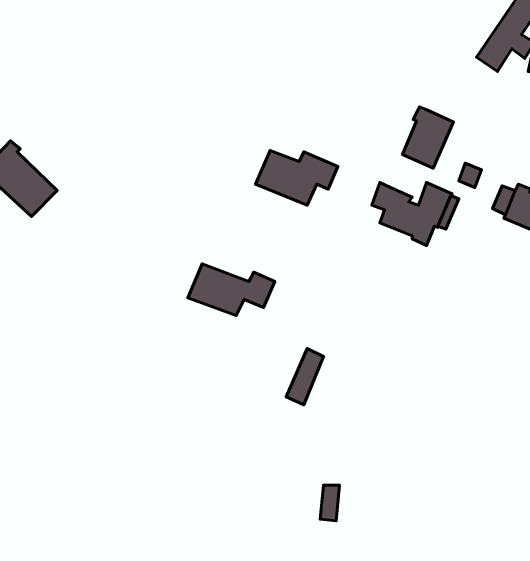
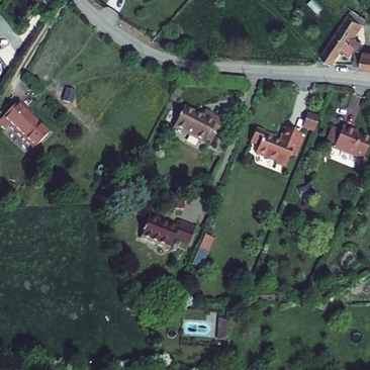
building: [402,107,454,168] -> none
building: [188,264,275,315] -> [142,214,196,247]

